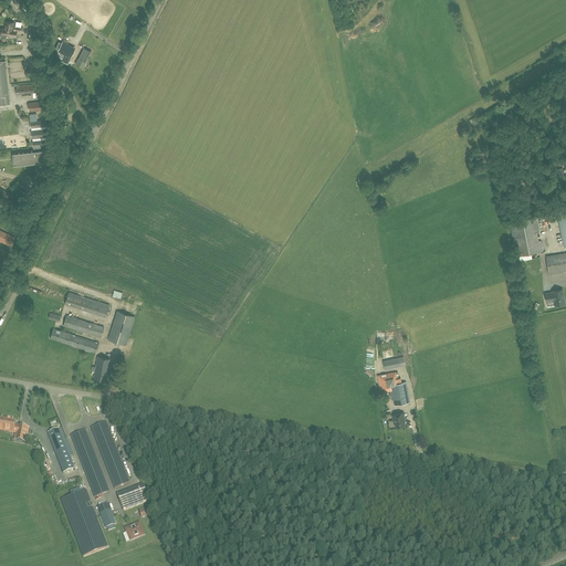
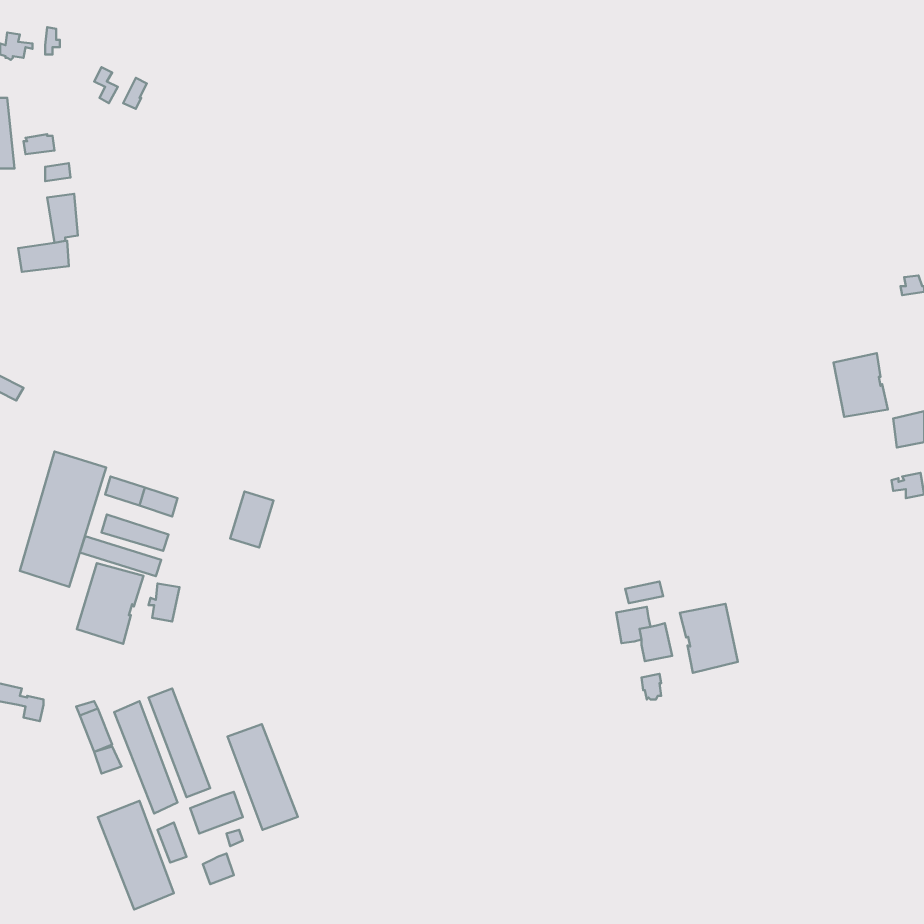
building: none -> [20,451,106,587]
building: [107,310,134,344] -> [230,491,274,548]
building: none -> [77,563,144,644]
building: none -> [680,604,738,673]
building: none -> [227,724,298,830]

